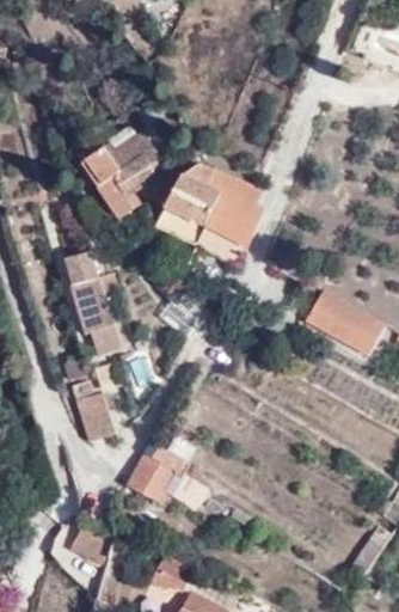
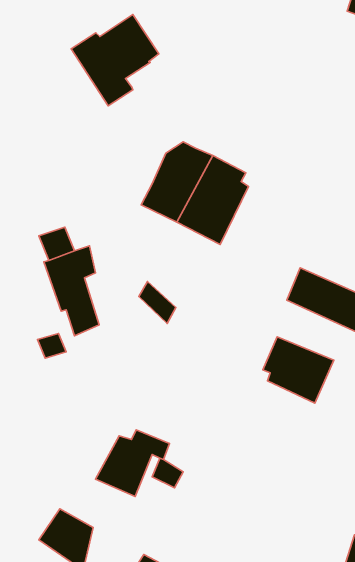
building: [81,129,166,218] -> [71,14,159,106]
building: none -> [263,337,334,403]
building: [67,368,115,435] -> none

